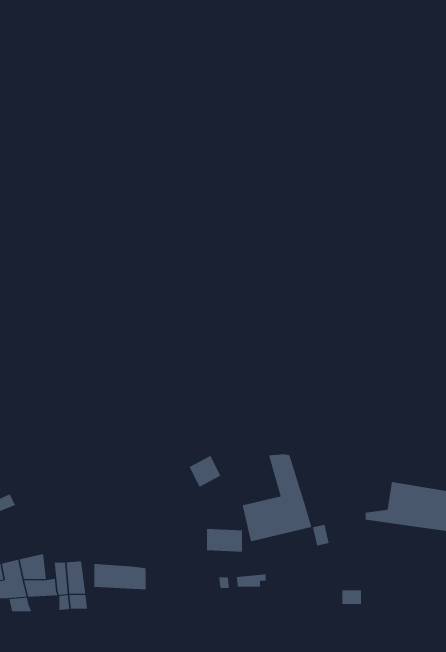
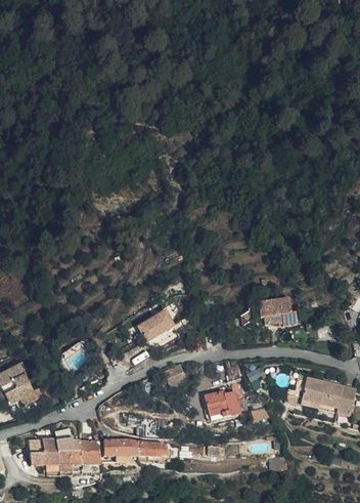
building: none -> [260,296,299,326]
building: none -> [140,308,178,341]
building: [206,529,243,552] -> [137,442,163,458]

